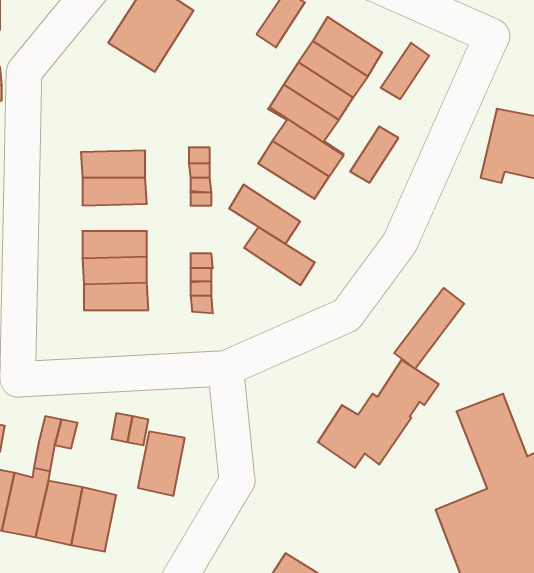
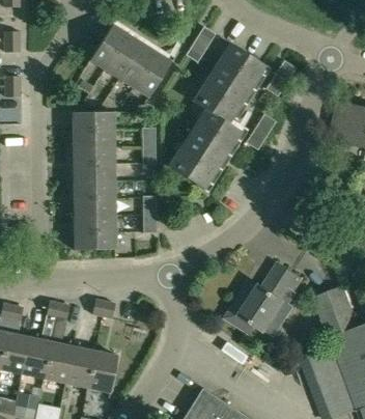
building: none -> [120,38,175,96]
building: none -> [73,111,114,130]
building: none -> [74,163,115,180]
building: [244,227,315,285] -> [177,137,223,174]
building: [394,288,464,369] -> none
building: none -> [75,231,116,249]
building: [138,432,185,496] -> [88,351,118,392]

